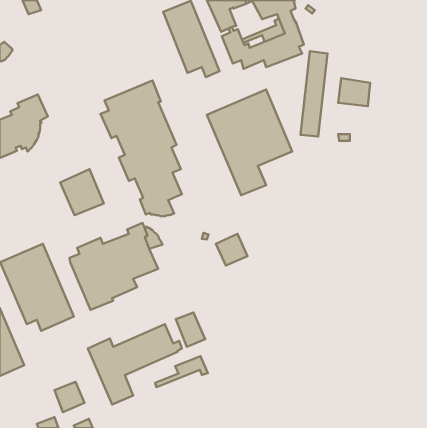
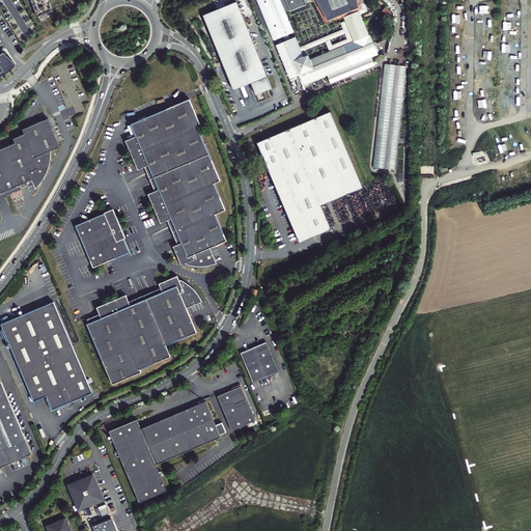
building: [338,78,370,106] -> none
building: [216,234,248,266] -> [240,341,279,381]
building: [155,356,208,387] -> none

